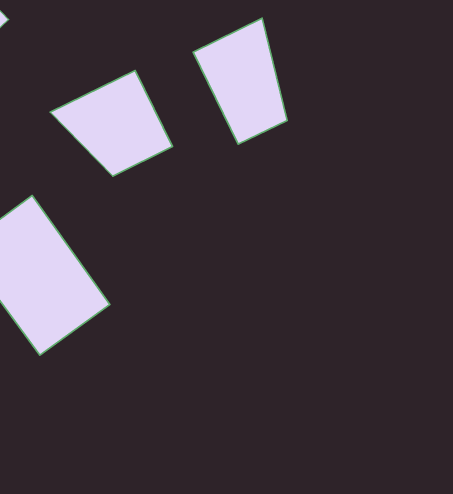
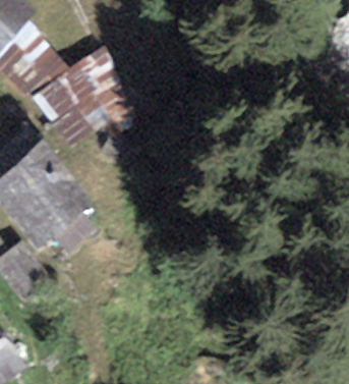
building: [193,18,287,144] -> none

